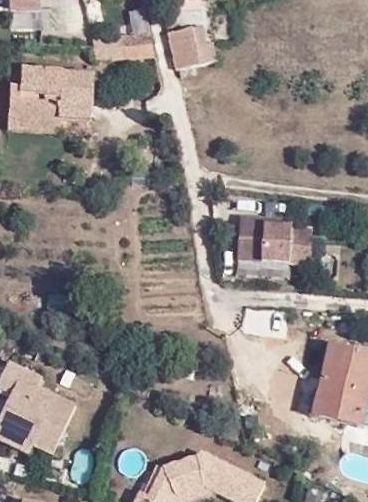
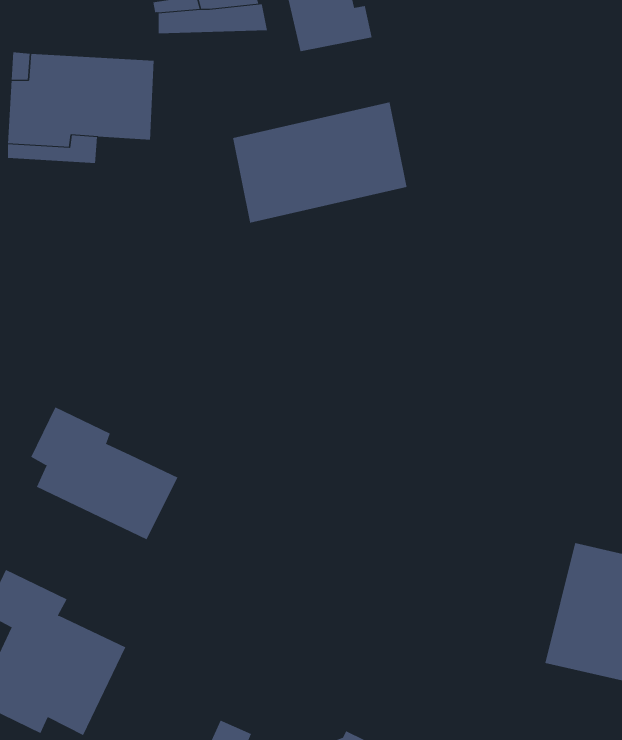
building: none -> [233,102,407,224]
building: [236,215,310,262] -> none
building: none -> [31,406,178,540]

